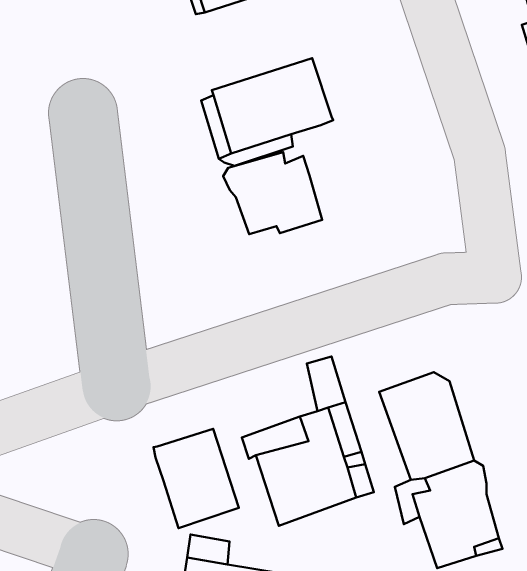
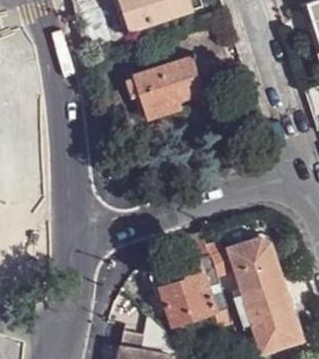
building: [223,152,322,234] -> none
building: [153,429,239,528] -> none

